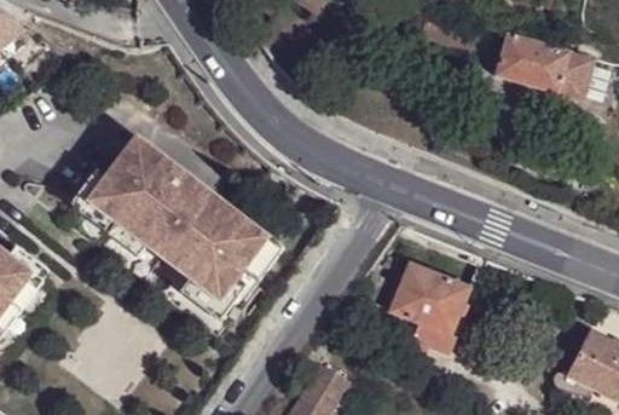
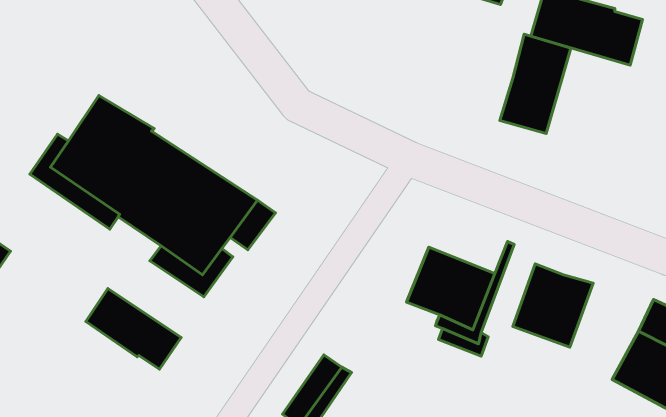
building: none -> [500,34,571,134]
building: none -> [513,264,593,347]
building: none -> [86,289,181,369]

